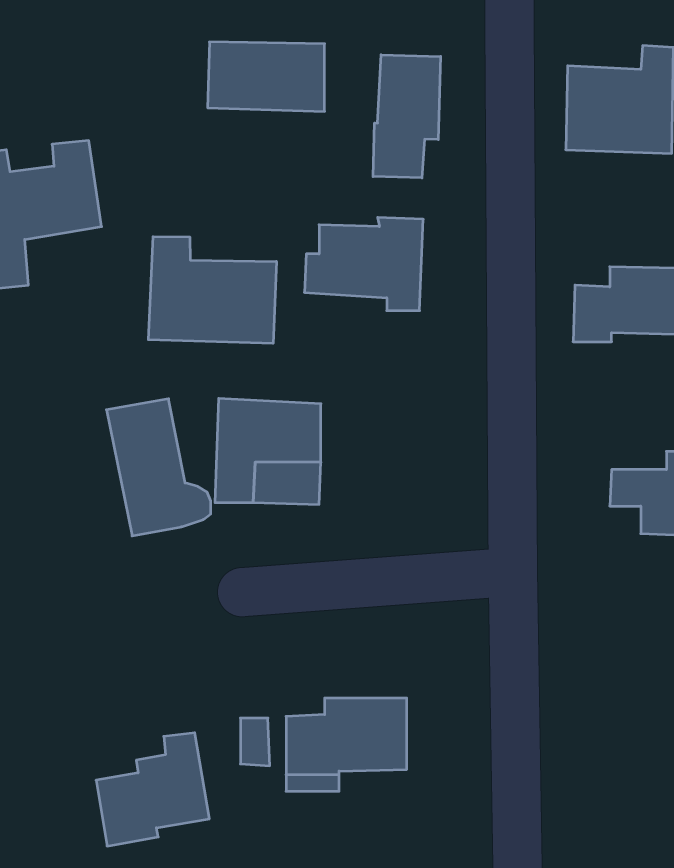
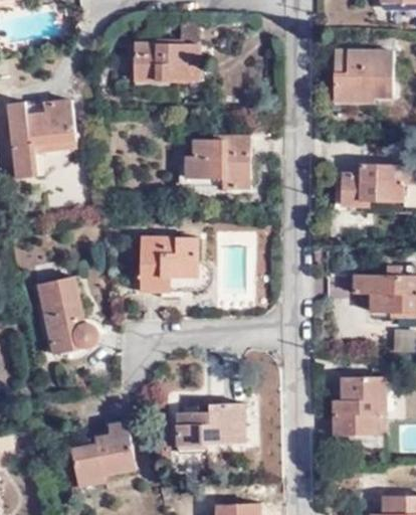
building: [373,55,441,178] -> none
building: [148,237,276,343] -> none
building: [106,399,211,536] -> [41,280,98,355]
building: none -> [333,379,386,436]

